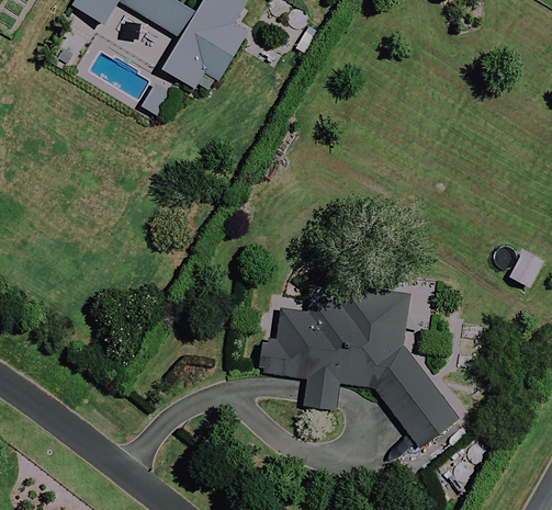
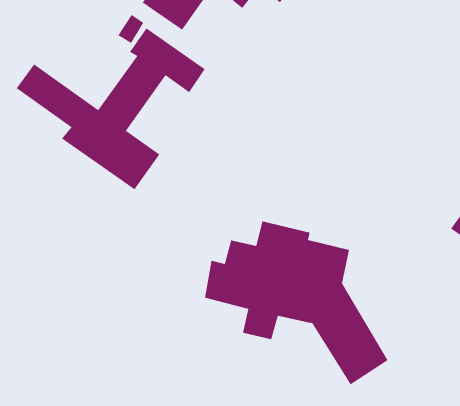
building: none -> [16,28,205,190]

